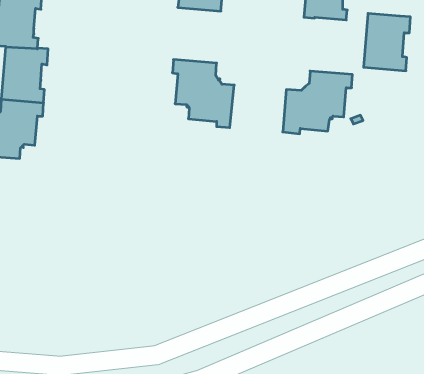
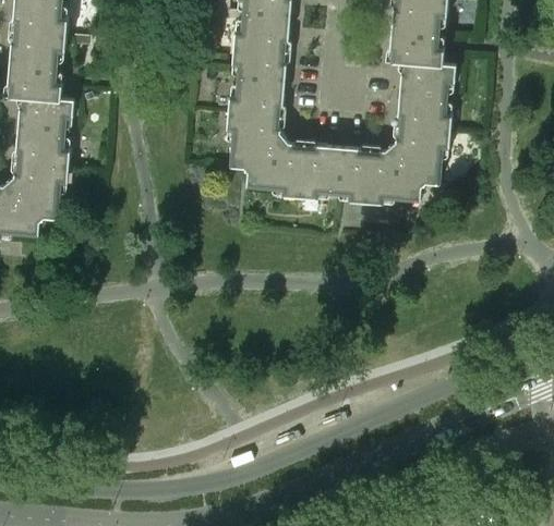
building: none -> [228,48,287,117]
building: [364,13,410,71] -> [397,60,455,131]
building: none -> [298,144,368,201]

